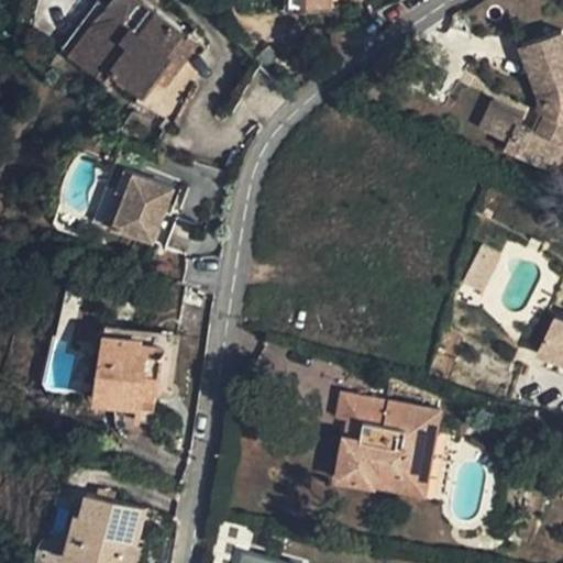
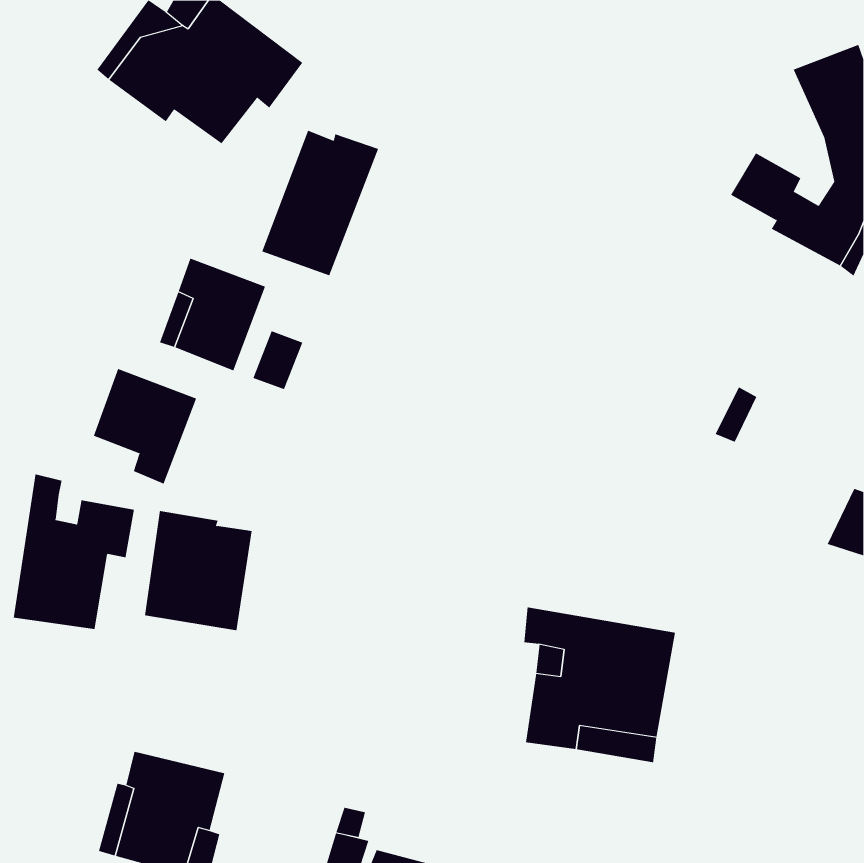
building: none -> [262,130,379,276]
building: none -> [93,368,197,484]
building: none -> [13,474,135,630]

